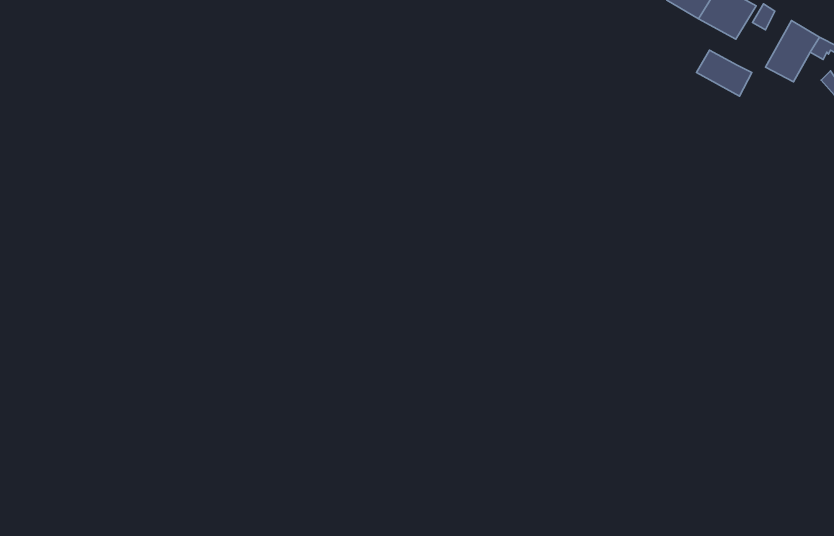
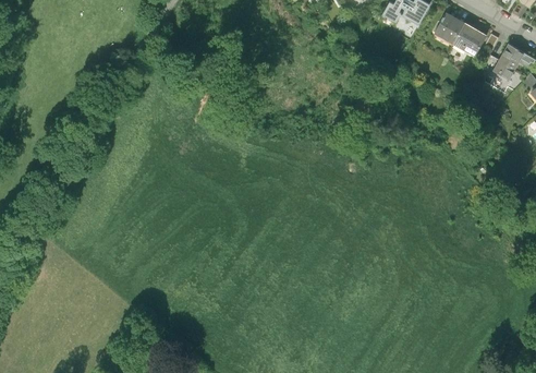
building: [696,50,752,96] -> none

